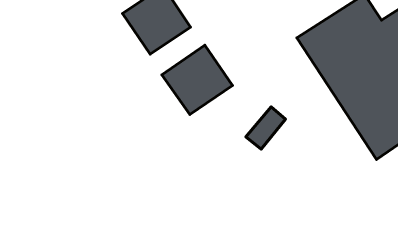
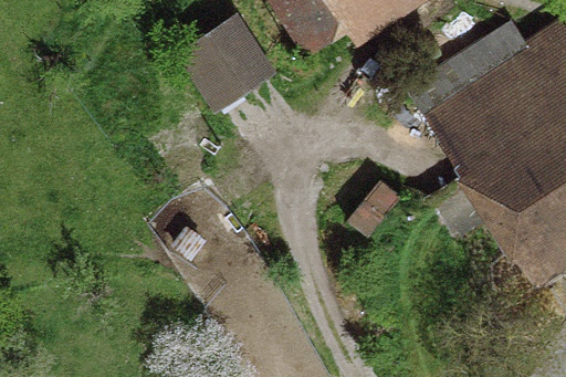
building: [162,45,232,114] -> none

